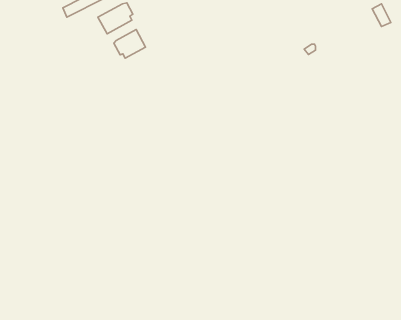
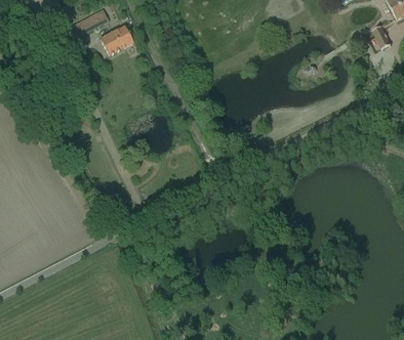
building: [114,30,145,58] -> none

